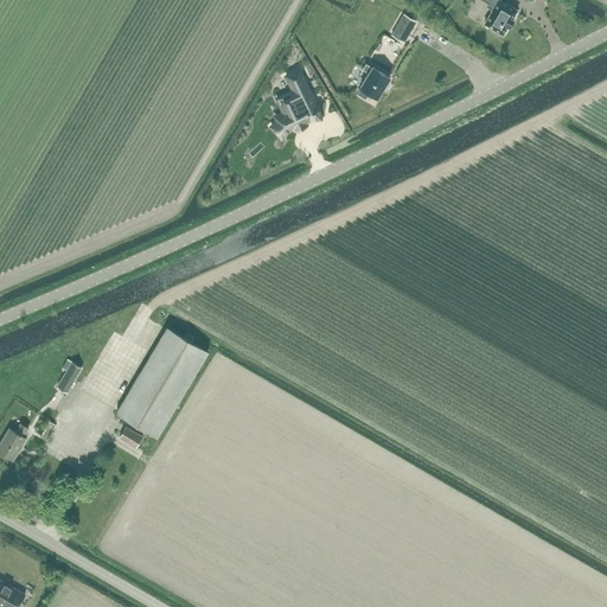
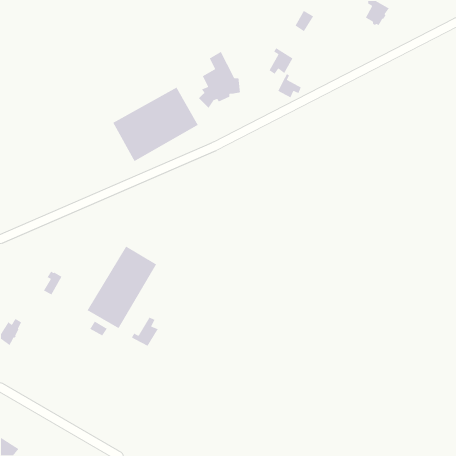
building: none -> [277,73,302,99]
building: none -> [112,87,199,162]
building: none -> [131,317,159,347]

